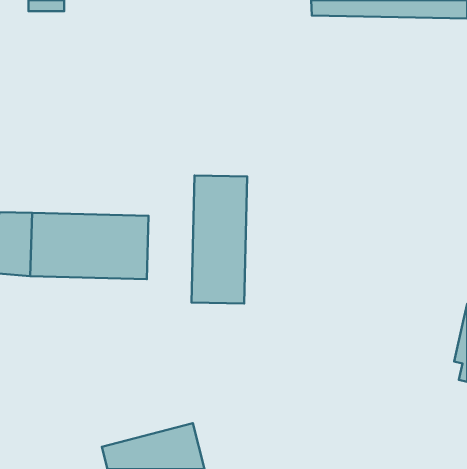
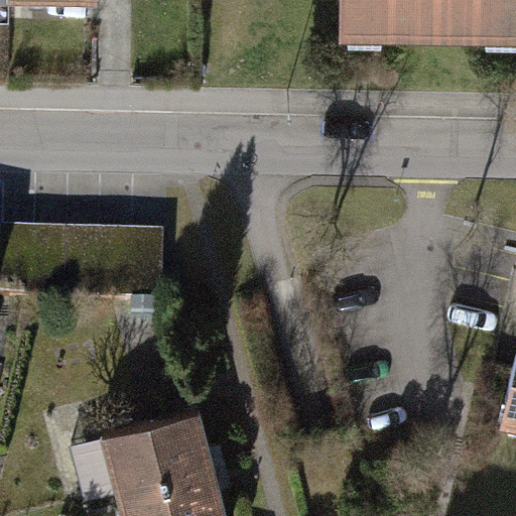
building: [192,176,247,303] -> none
building: none -> [96,403,212,491]

